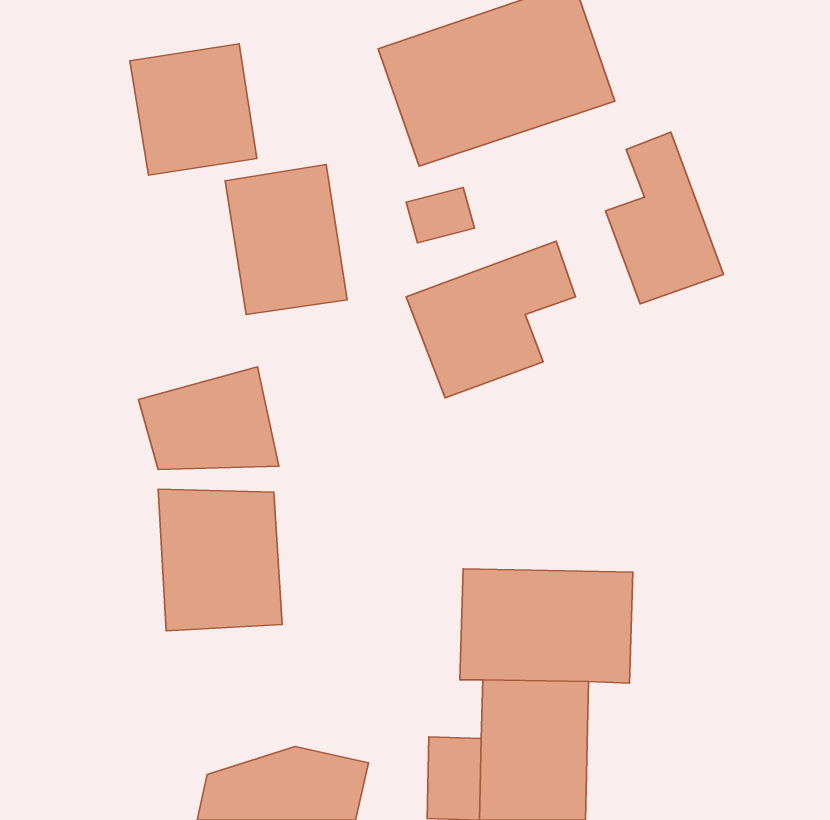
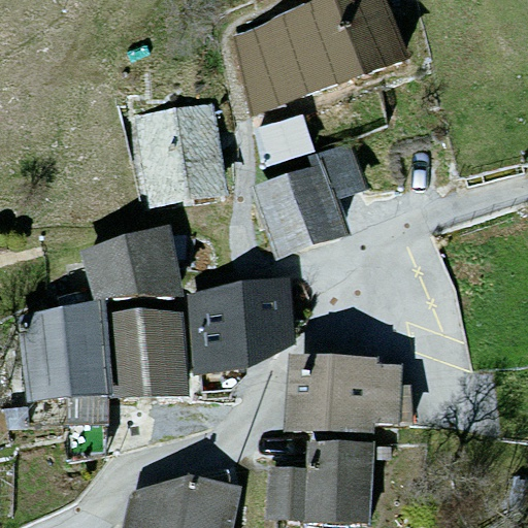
building: [130,44,257,175] -> none
building: [606,132,723,304] -> none
building: none -> [188,284,289,368]
building: none -> [28,309,105,403]

